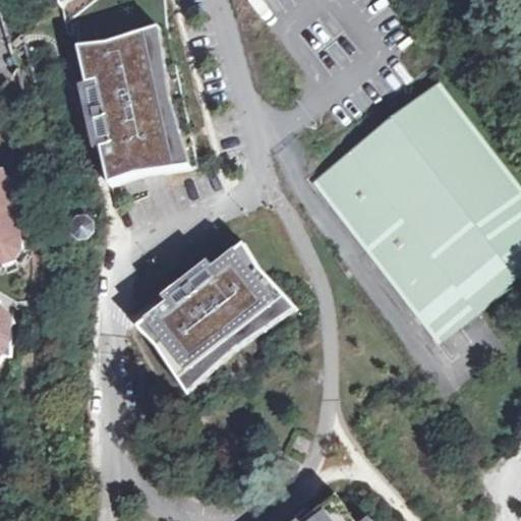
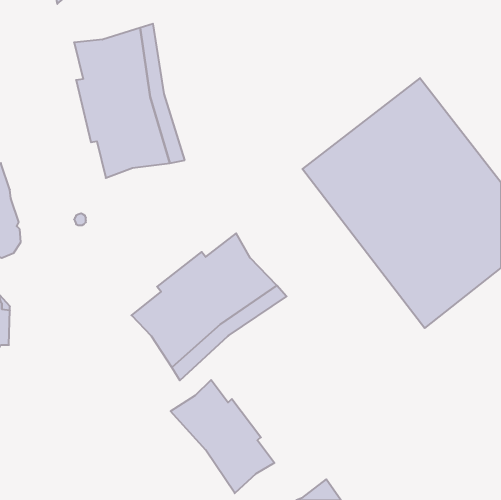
building: none -> [171,380,274,493]

